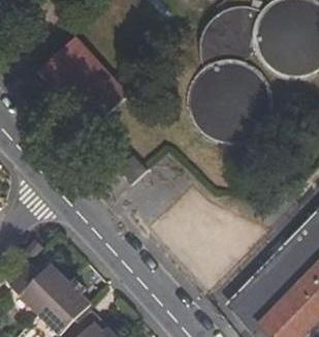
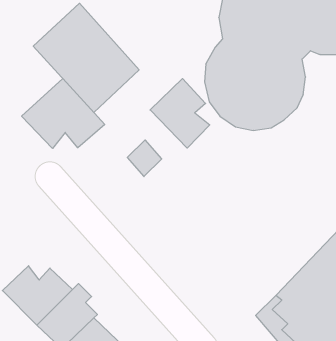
building: none -> [150,79,210,148]
building: none -> [22,79,105,148]

